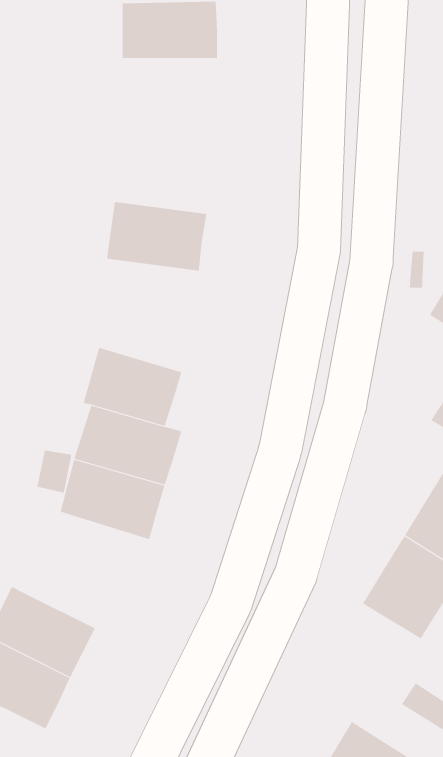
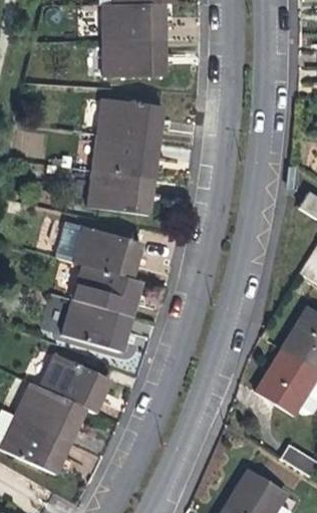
building: none -> [102,40,165,76]
building: none -> [97,96,163,141]
building: none -> [87,170,152,213]
building: none -> [53,222,87,263]
building: none -> [39,352,109,412]

